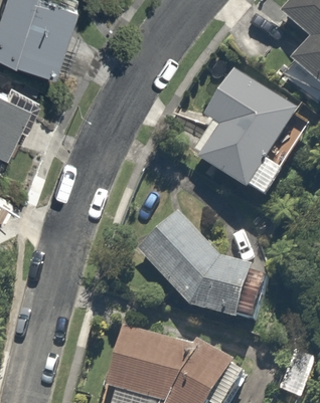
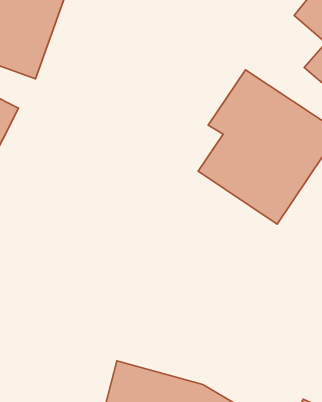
building: [136,214,261,327] -> none

